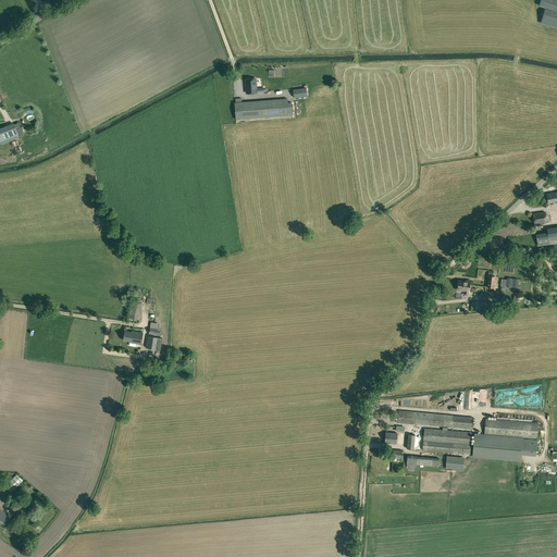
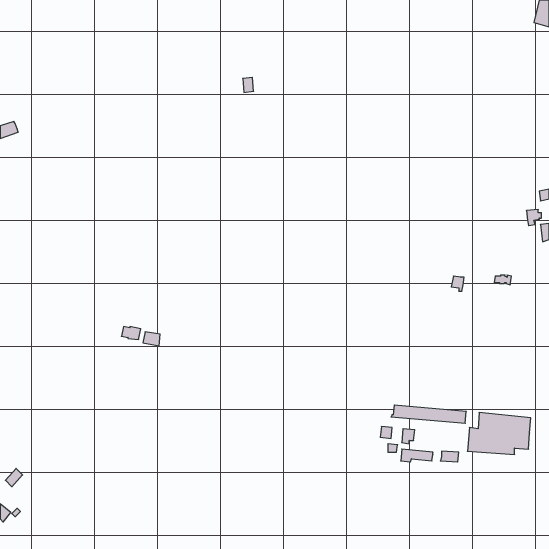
building: [235,99,293,119] -> none
building: [422,428,471,454] -> none

